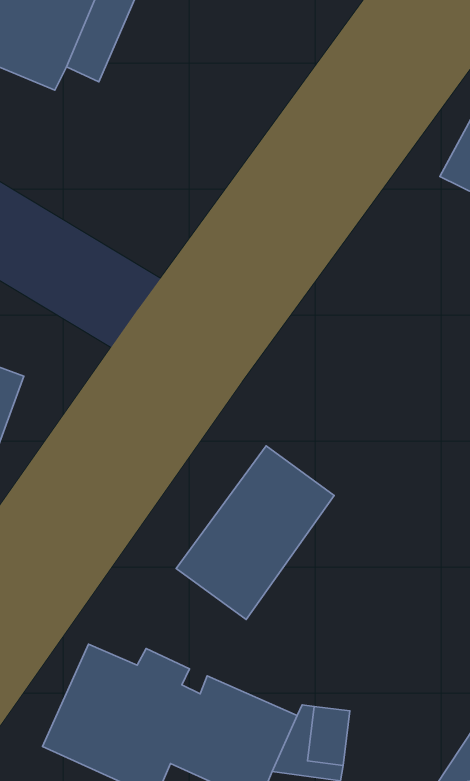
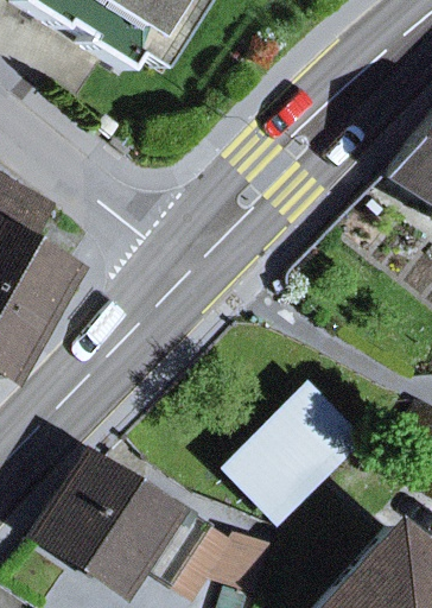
building: [176,446,334,620] -> [229,393,349,514]

